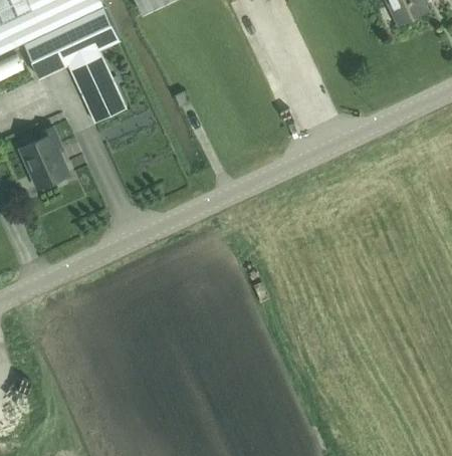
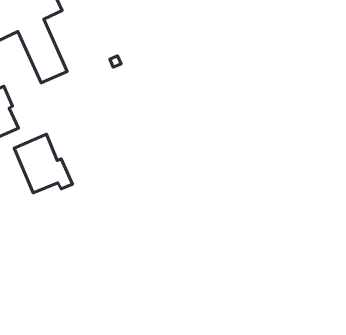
building: none -> [14,134,72,193]

